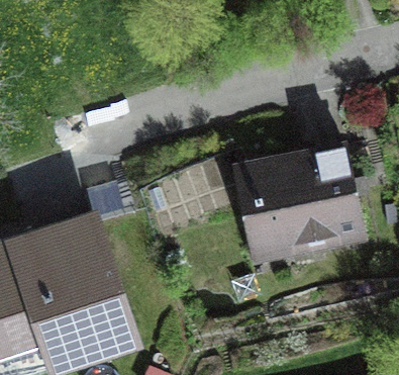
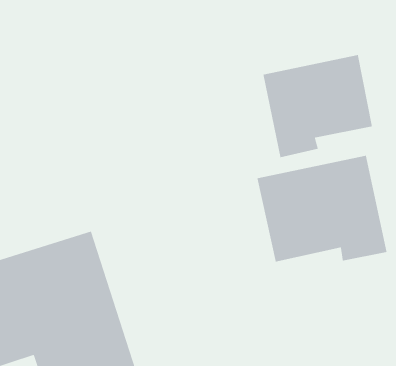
building: none -> [262,54,373,158]

